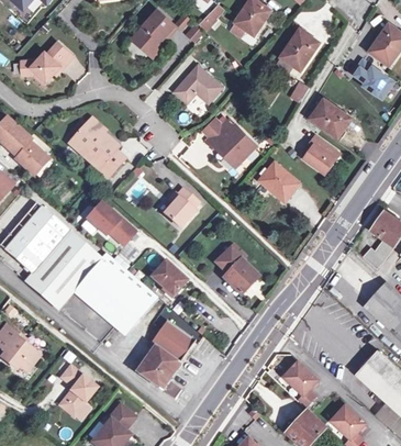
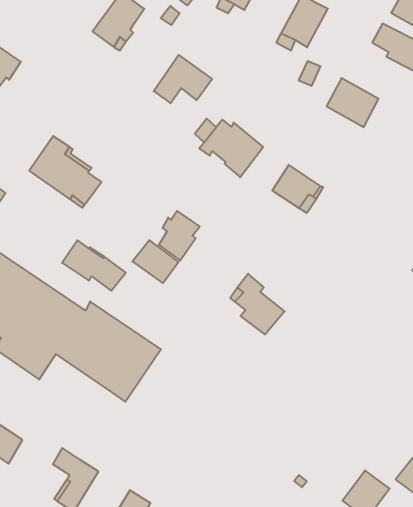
building: [303,135,338,174] -> none
building: [149,260,186,296] -> [132,240,178,283]
building: [136,321,194,399] -> none
building: [283,360,318,406] -> none

